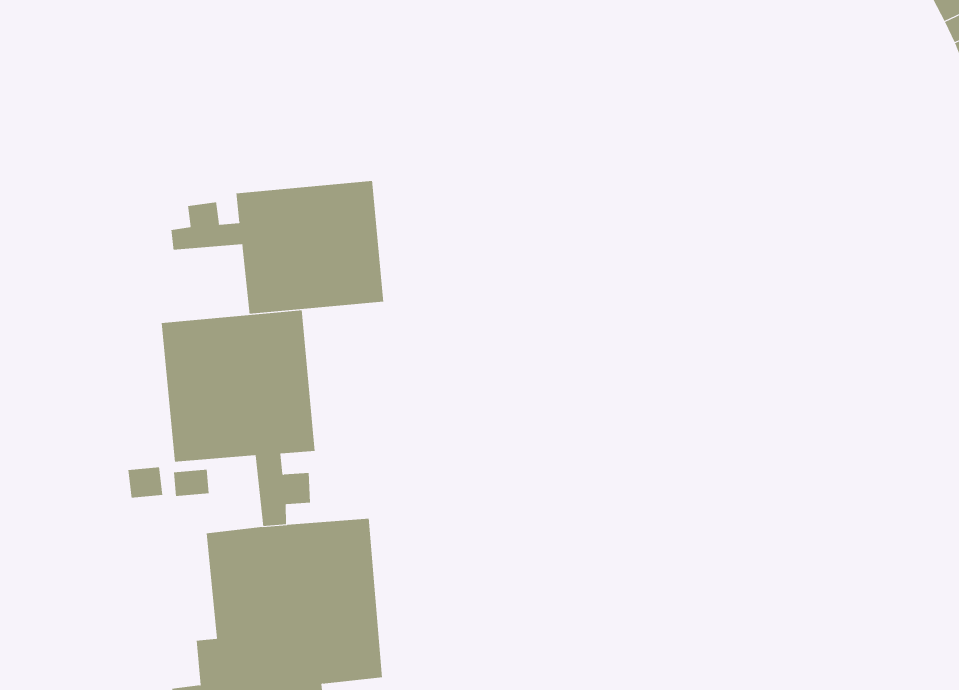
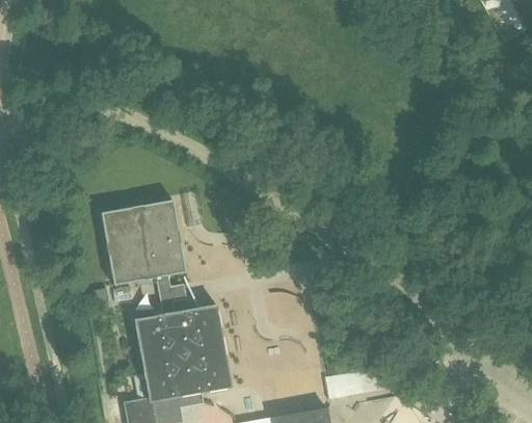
building: [171,180,384,314] -> none

